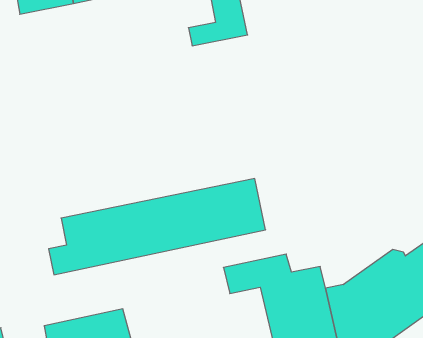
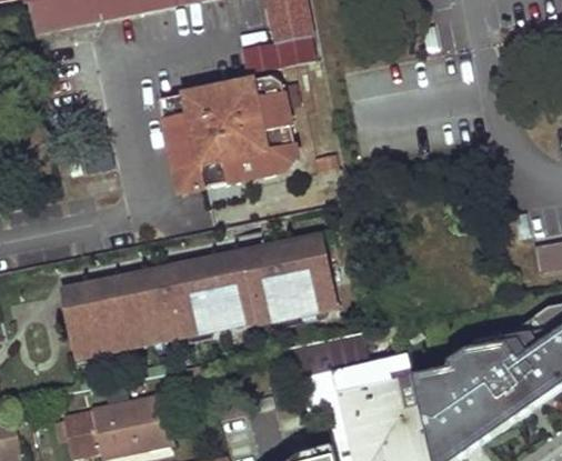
building: none -> [160,78,297,194]

